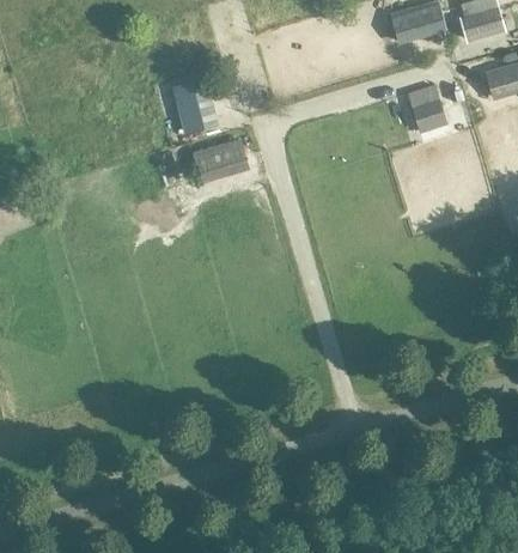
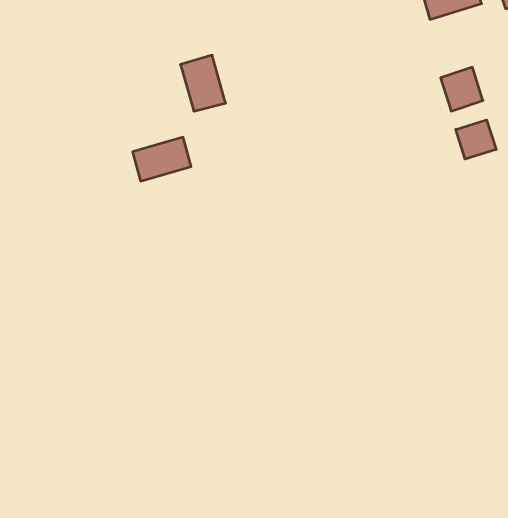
building: none -> [456,120,496,159]
building: [193,139,245,178] -> [133,137,191,181]

